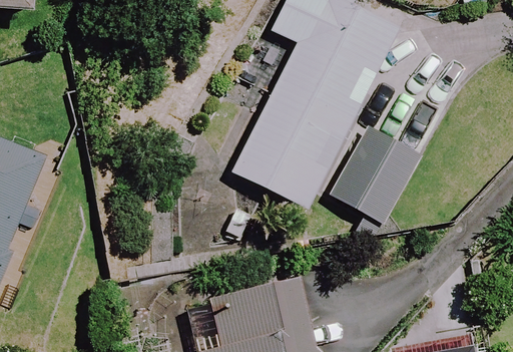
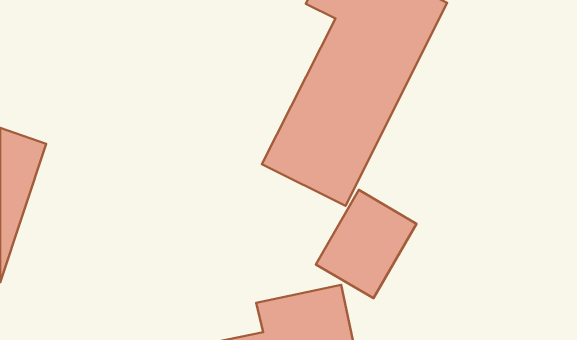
building: [331,127,420,224] -> [316,190,416,298]

